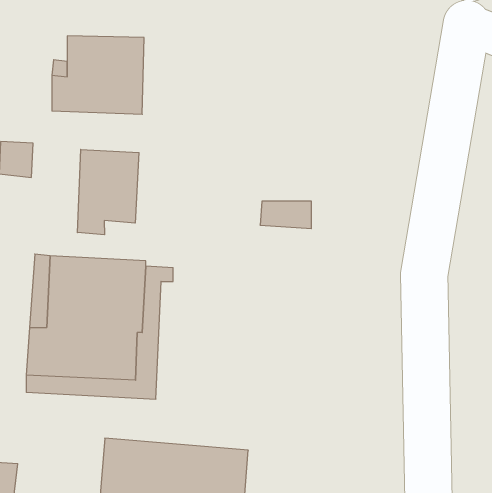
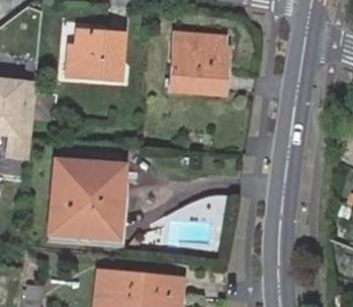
building: none -> [167,35,222,90]
building: [77,149,139,235] -> none

